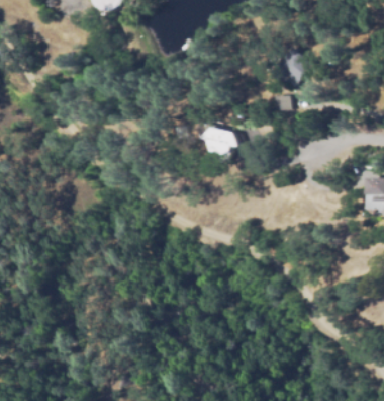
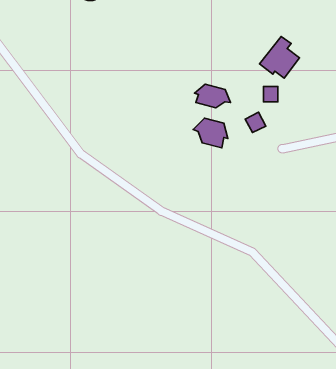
building: none -> [194,84,230,108]

